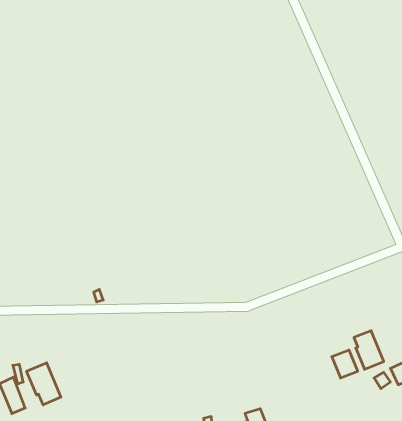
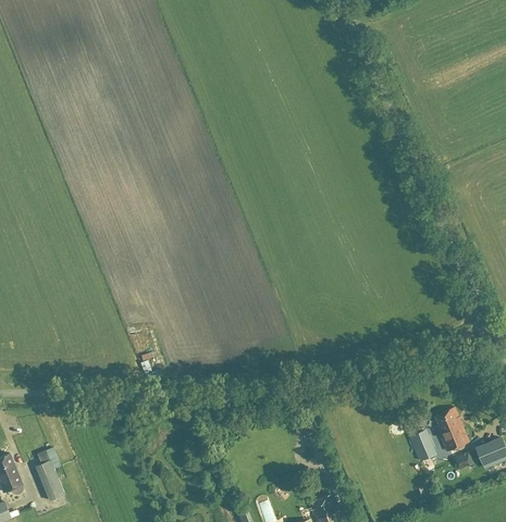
building: [27,363,61,405] -> none

